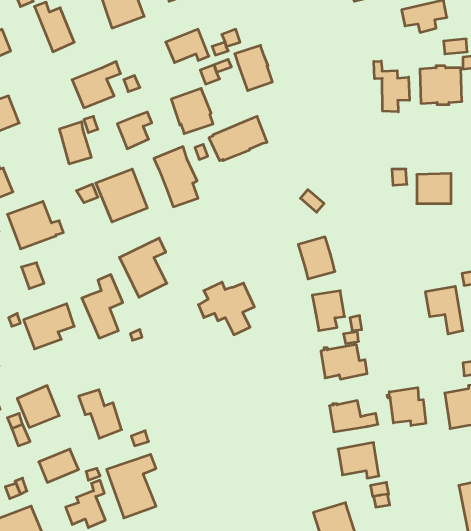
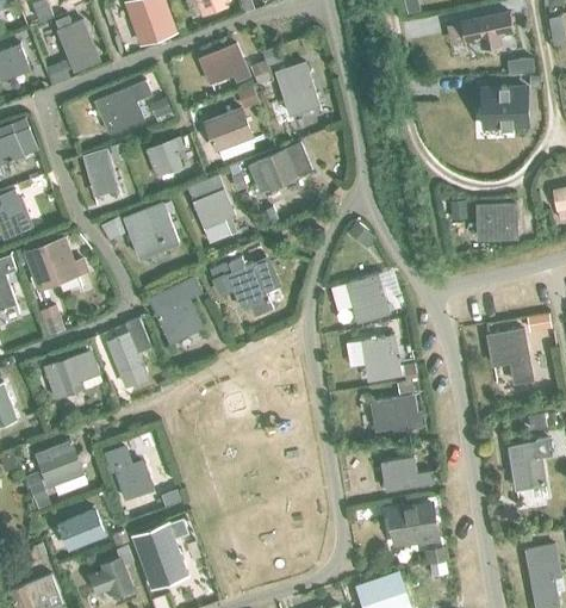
building: [374,61,409,112] -> none
building: [198,282,254,335] -> [213,255,275,314]
building: [387,388,426,426] -> none

